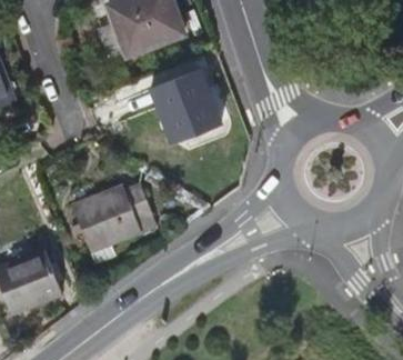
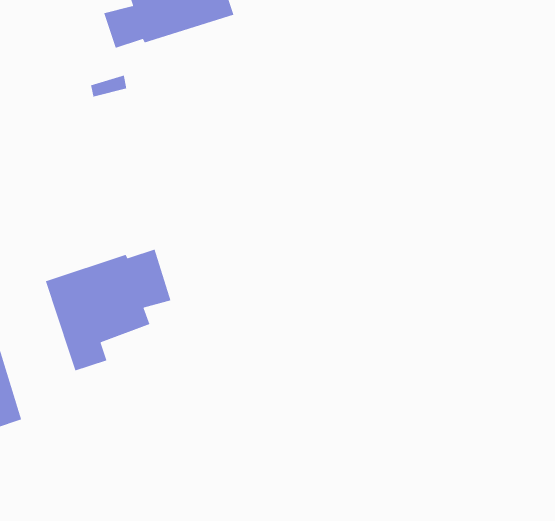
building: [150,70,218,139] -> none

